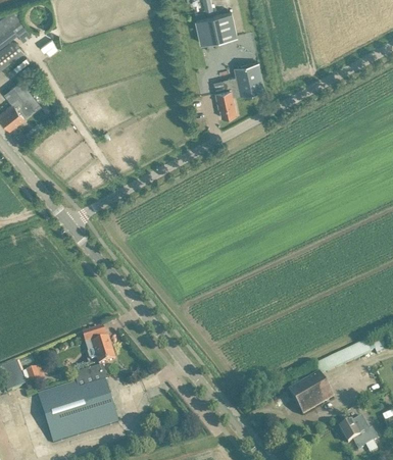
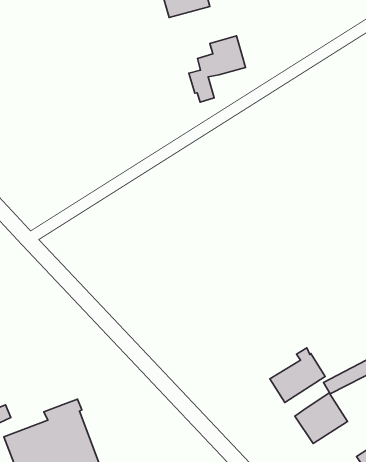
building: [82,325,114,363] -> none
building: none -> [270,348,325,403]

